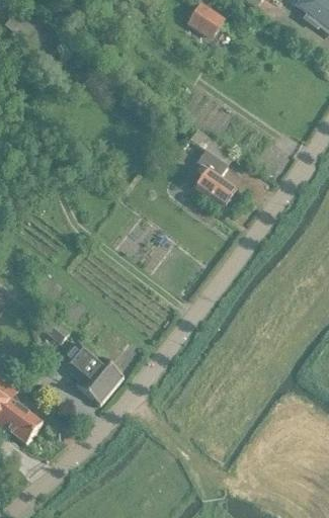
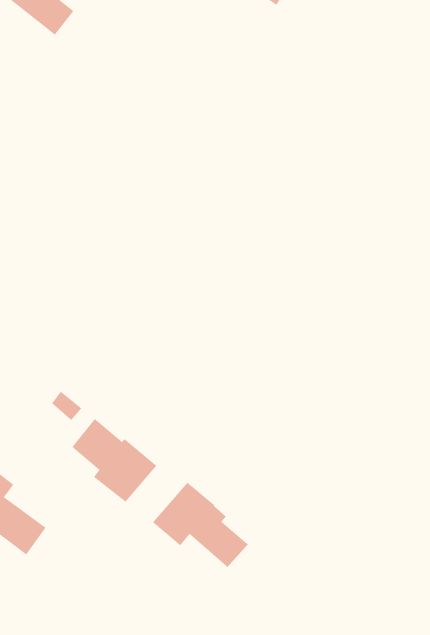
building: [195,149,237,207] -> none
building: none -> [152,482,249,569]

